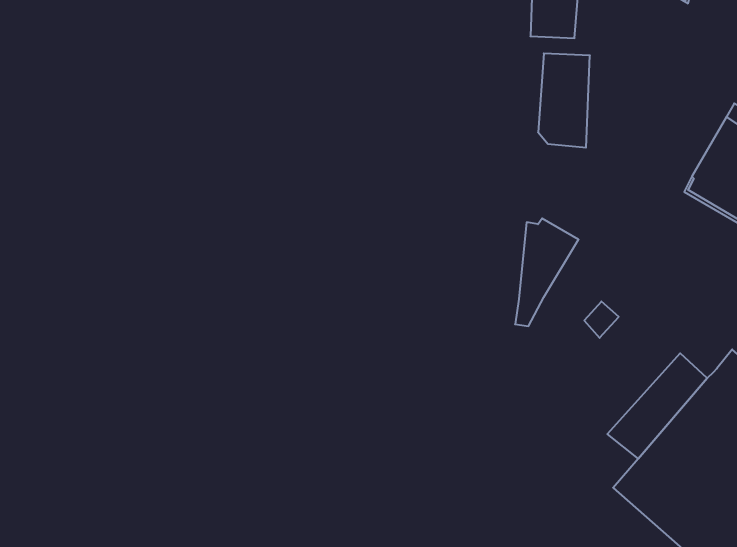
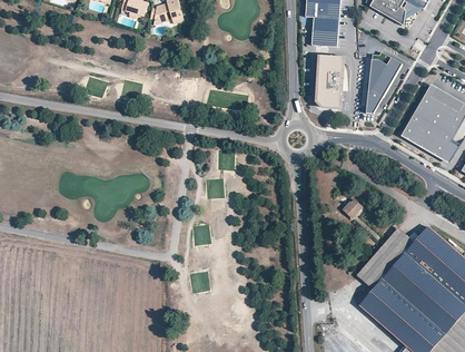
building: [515,218,579,326] -> [367,51,404,114]

